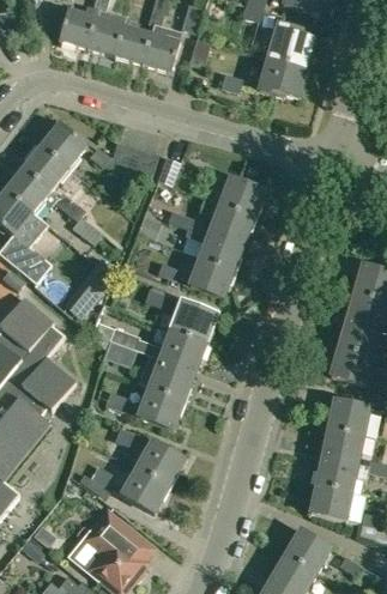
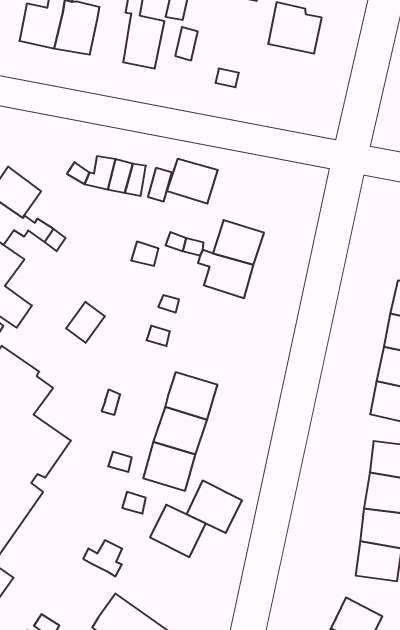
building: [116,25,151,63] -> none
building: [258,56,306,97] -> none
building: [41,122,86,168] -> none
building: [219,176,264,216] -> [167,159,218,204]
building: [188,256,232,297] -> none
building: [170,298,216,341] -> none
building: [123,466,171,511] -> [186,481,242,533]

